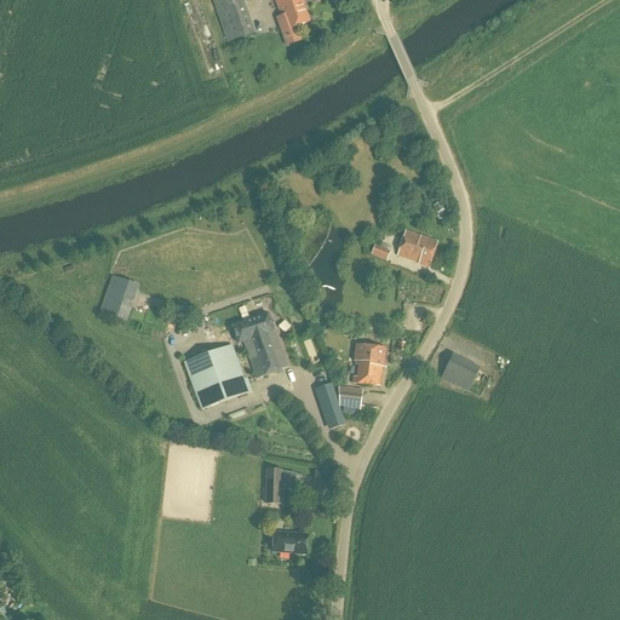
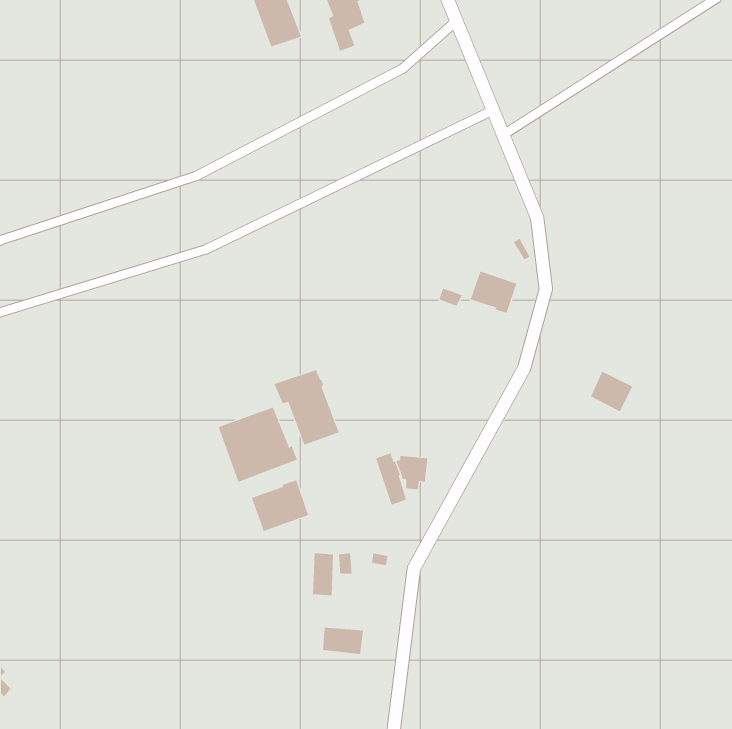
building: [99,275,139,320] -> none
building: [352,344,385,385] -> none
building: [442,355,478,390] -> [590,371,633,412]
building: none -> [251,479,309,532]

